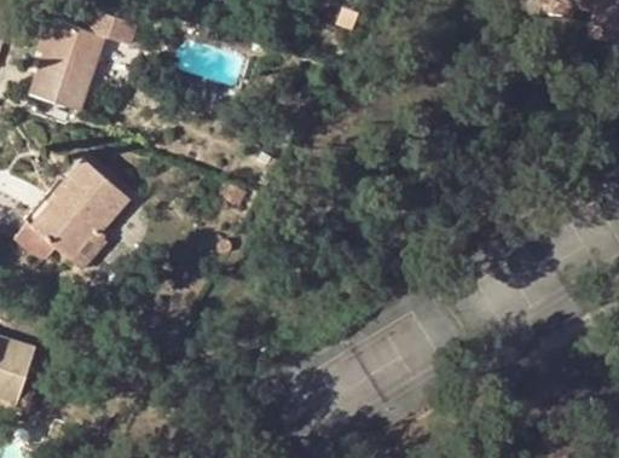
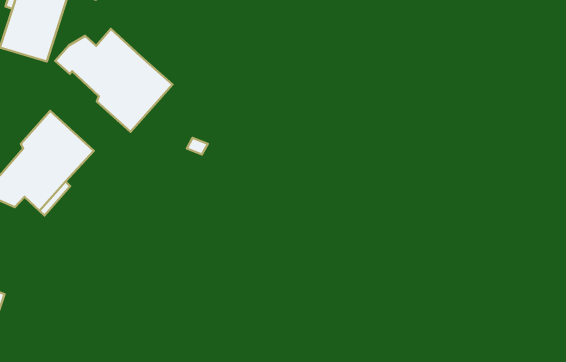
building: none -> [55,29,173,132]

